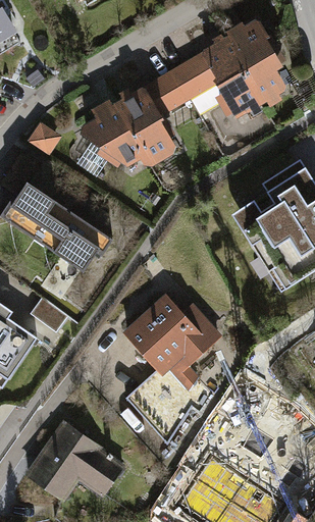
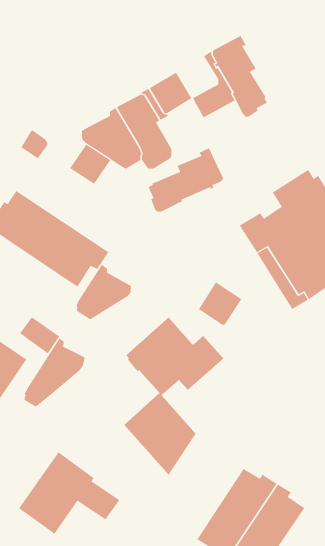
building: [233,25,281,101] -> none
building: [174,58,212,97] -> none
building: none -> [148,148,224,213]
building: none -> [76,264,131,320]
building: none -> [198,282,242,325]
building: none -> [24,338,85,408]

